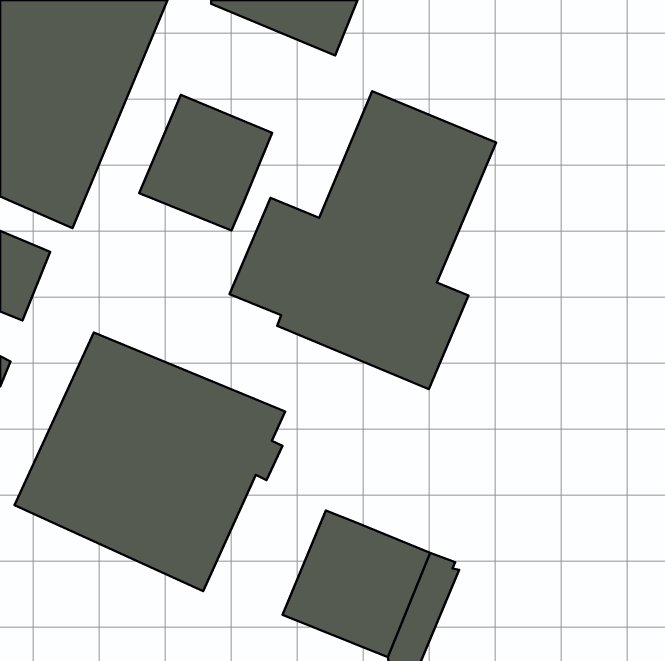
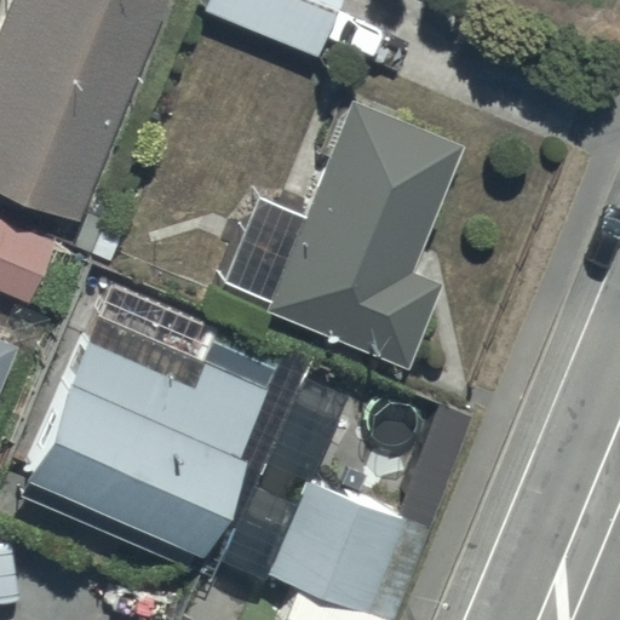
building: [139,95,272,231] -> none

